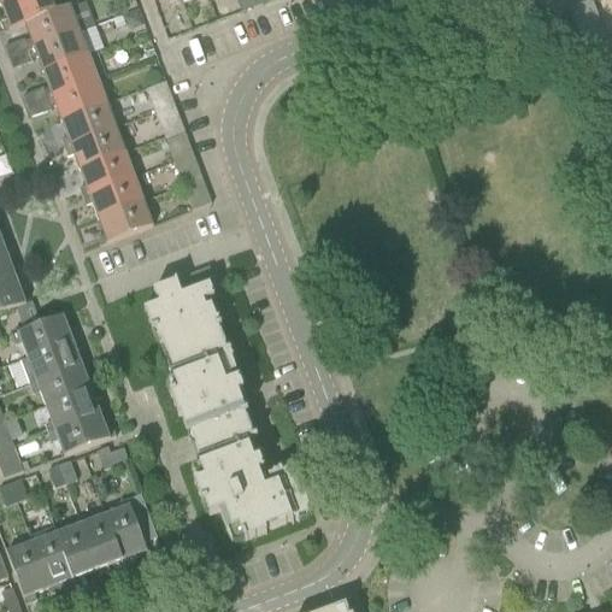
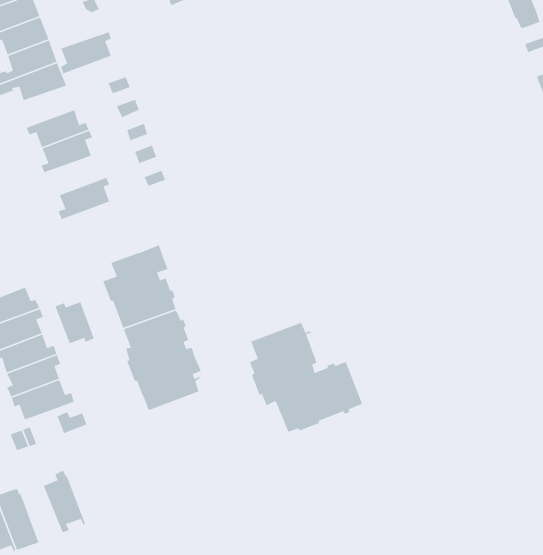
building: [60,98,114,143] -> [60,31,112,75]
building: [82,173,148,214] -> none
building: none -> [55,301,95,344]
building: [190,422,311,539] -> [249,322,363,433]
building: [107,490,157,561] -> none
building: [58,514,101,581] -> none

